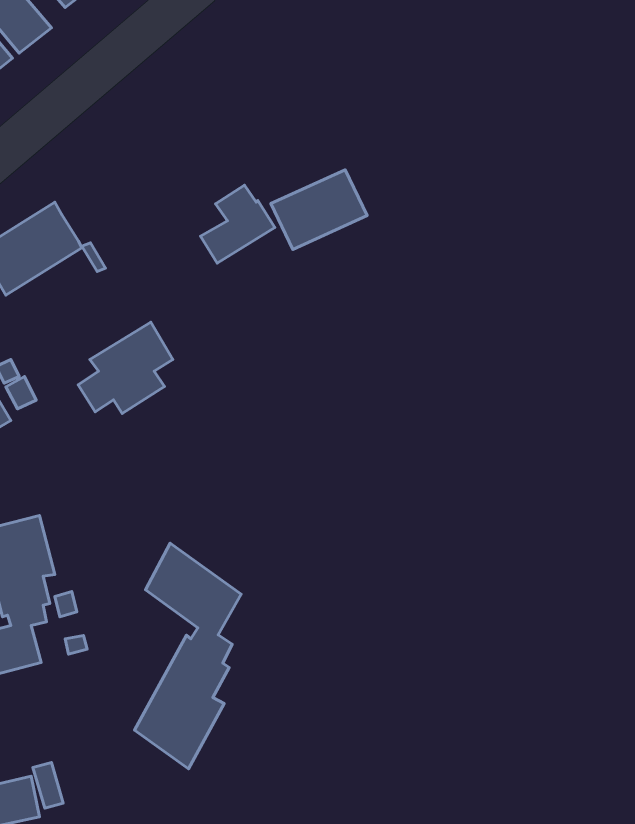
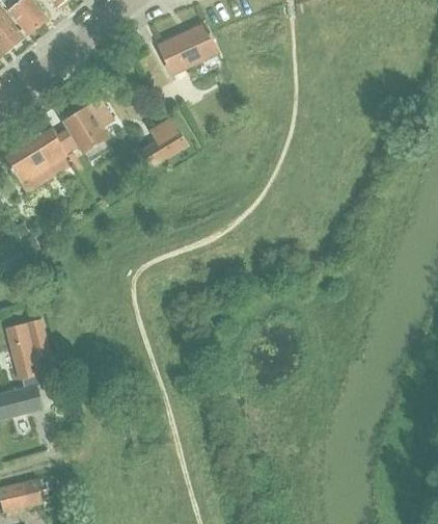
building: [271,170,367,249] -> [158,23,217,72]
building: [78,322,173,414] -> [55,96,113,152]
building: [135,543,241,769] -> none

